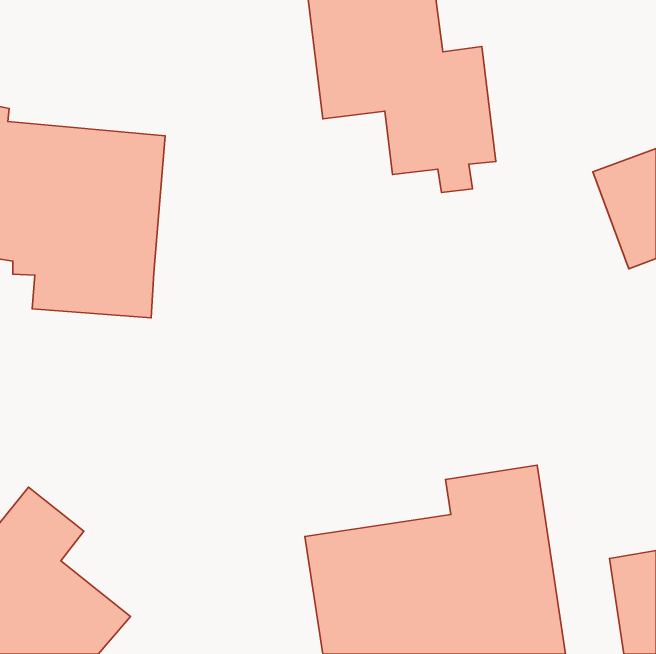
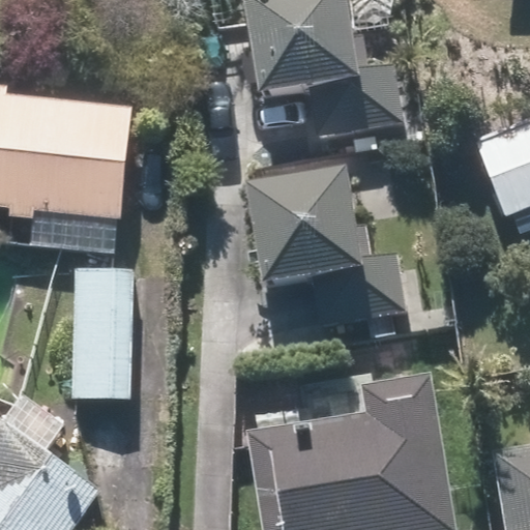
building: none -> [246,173,408,340]
building: none -> [68,266,137,401]

